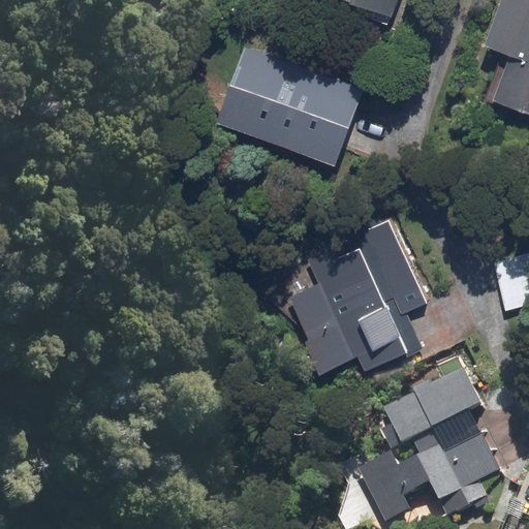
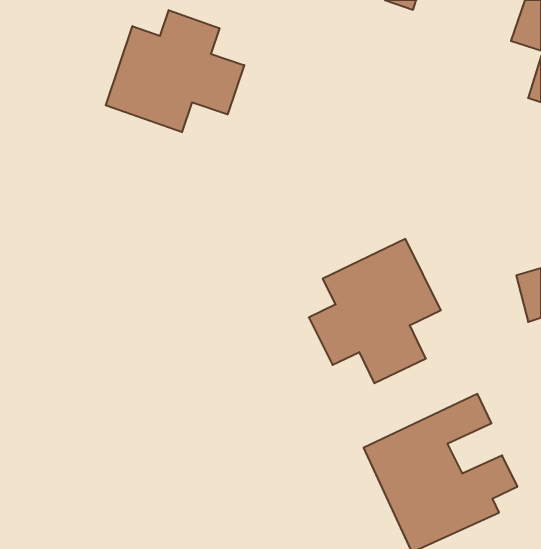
building: none -> [106,10,244,132]
building: [222,51,361,155] -> none

